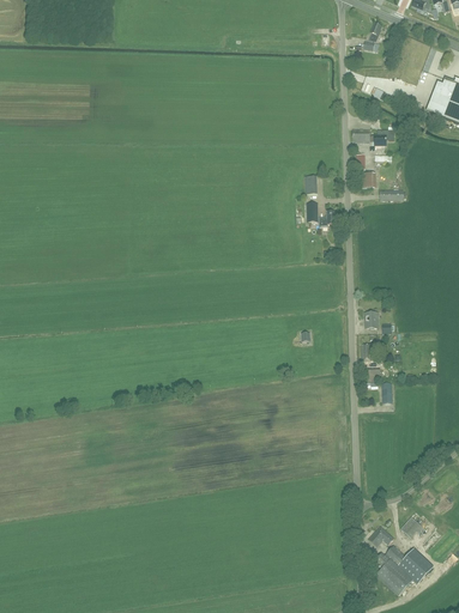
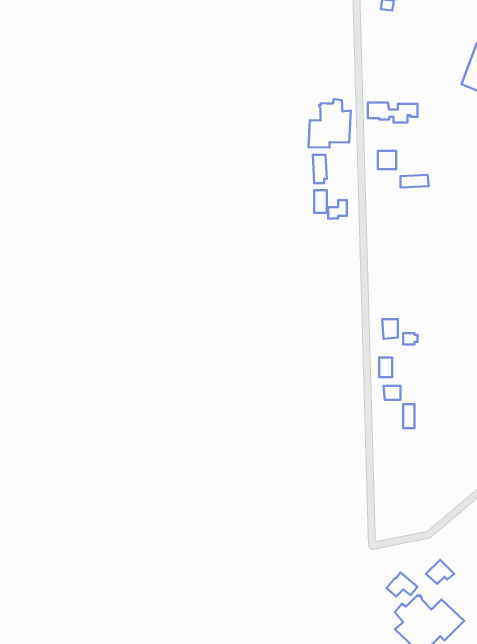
building: none -> [308,99,351,147]

